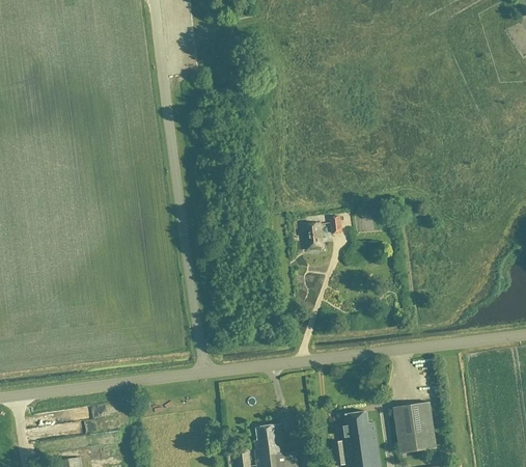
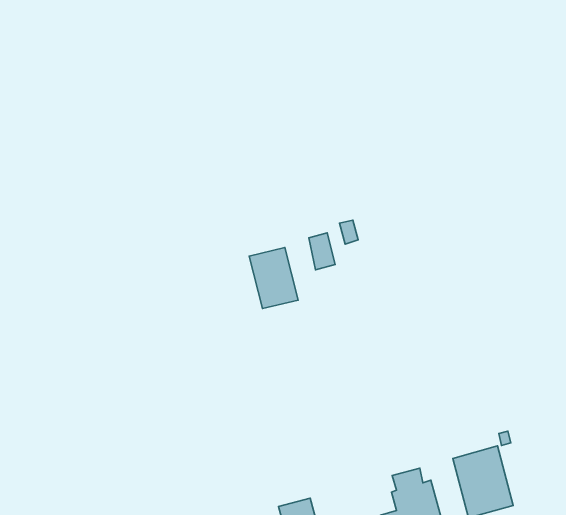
building: none -> [249,248,298,309]

